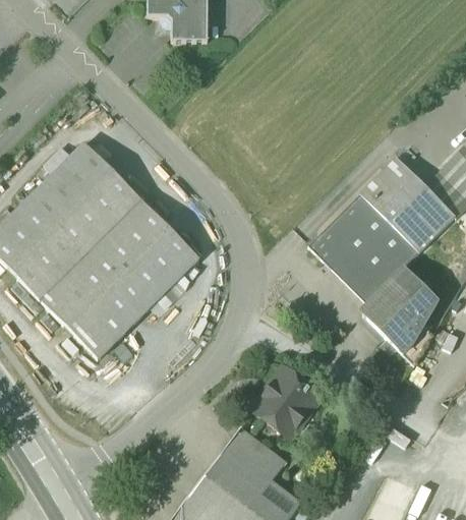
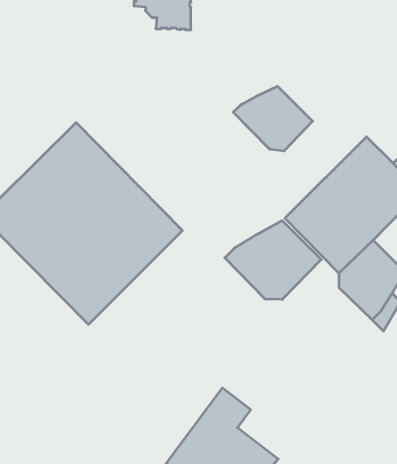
building: none -> [233,86,313,151]
building: none -> [225,221,321,300]
building: [250,366,322,438] -> none

